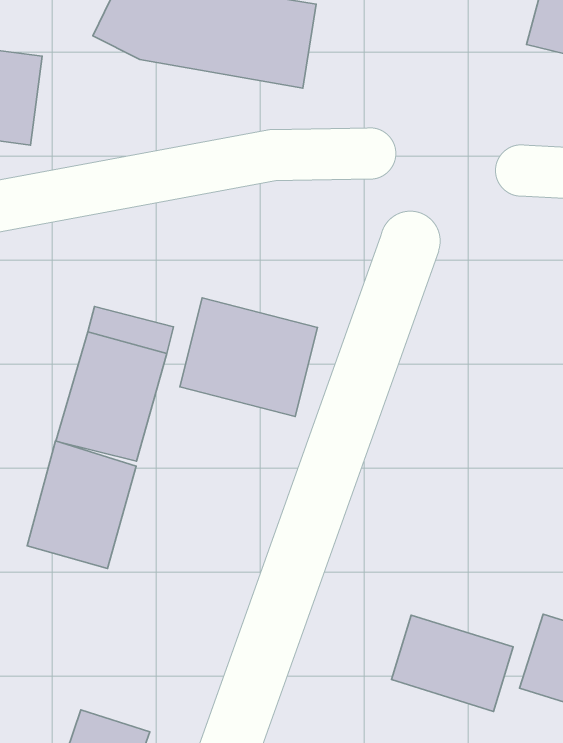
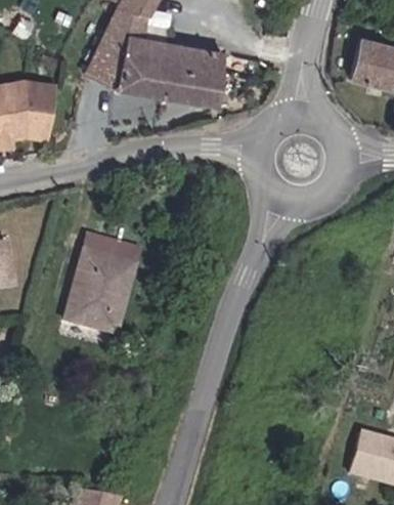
building: [180,298,317,416] -> none
building: [27,441,136,569] -> none
building: [392,615,513,711] -> none

